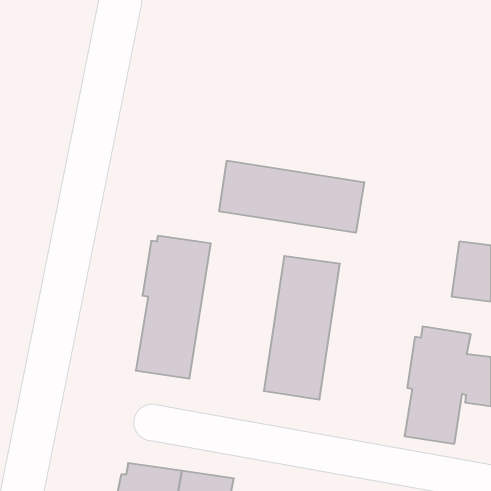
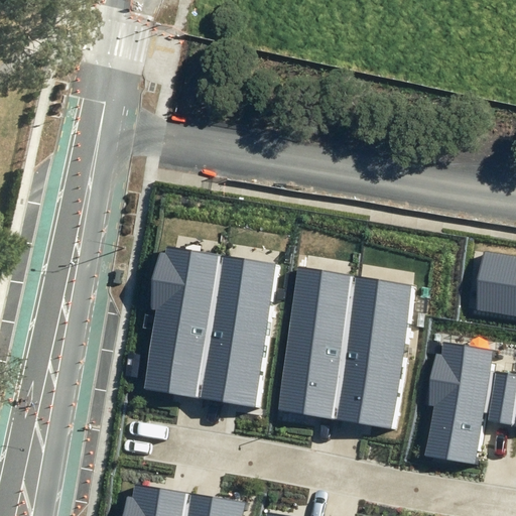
building: [219,161,364,233] -> none
building: none -> [199,256,278,406]
building: none -> [335,277,413,427]

